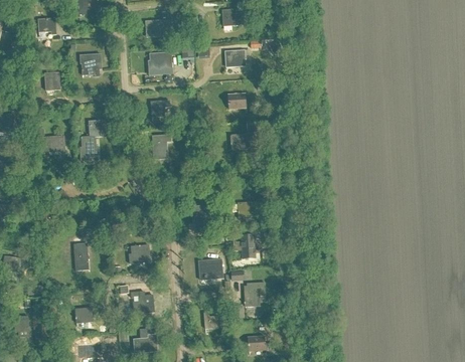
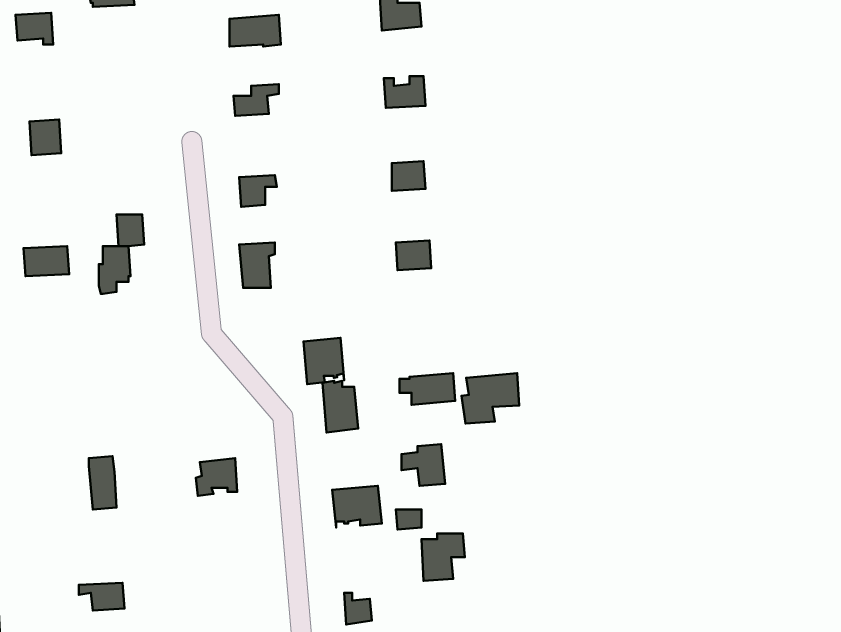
building: [81,53,102,76] -> none
building: none -> [303,338,344,384]
building: none -> [461,373,519,423]
building: [131,291,154,313] -> none

